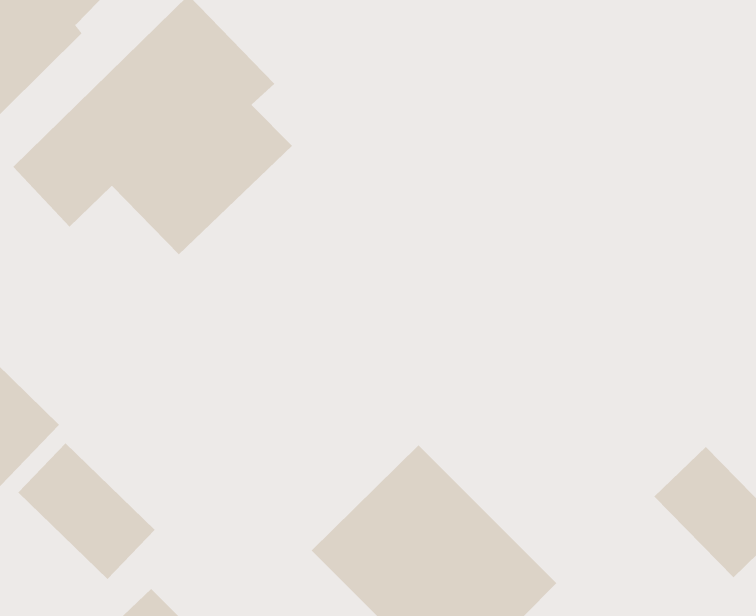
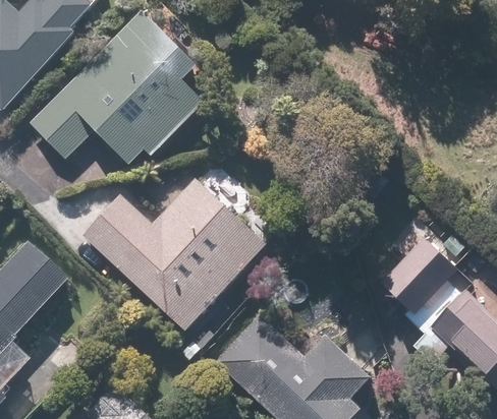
building: none -> [81,177,266,331]
building: none -> [380,236,456,313]
building: [18,443,155,580] -> none

